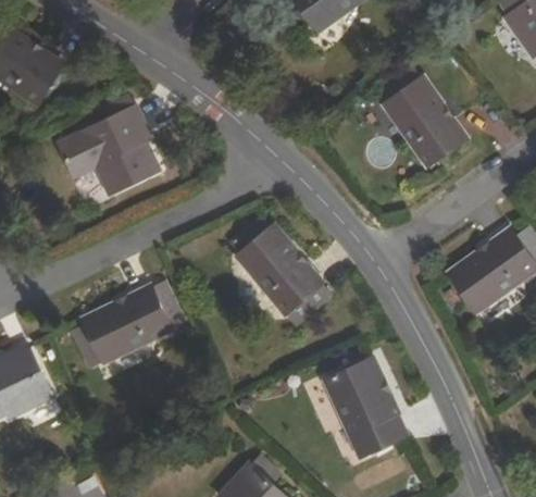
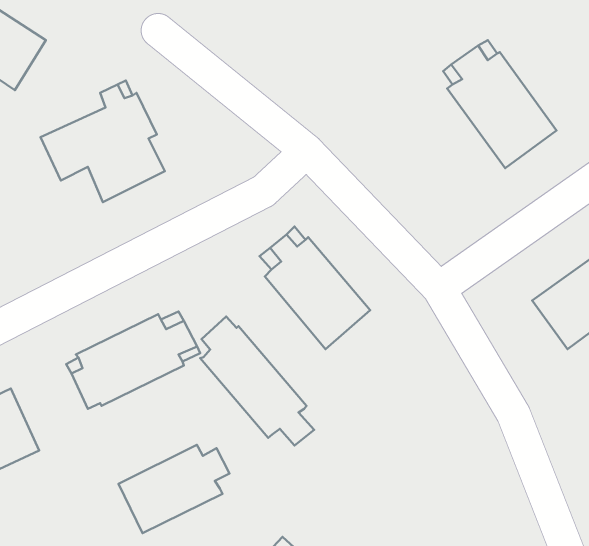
building: none -> [200,316,314,445]
building: [325,360,408,459] -> none
building: none -> [118,445,230,533]

